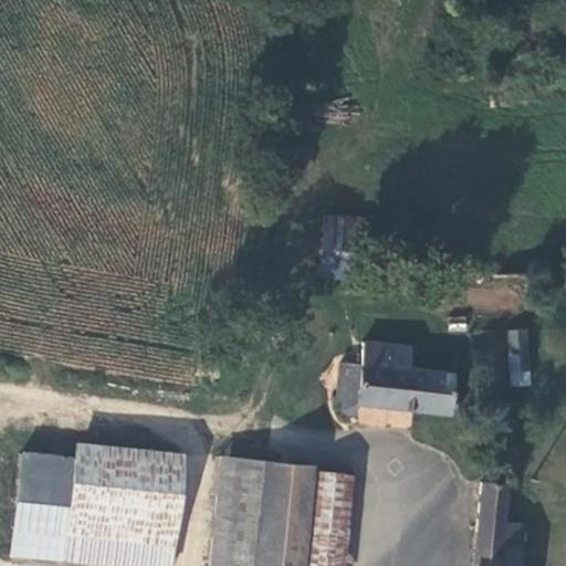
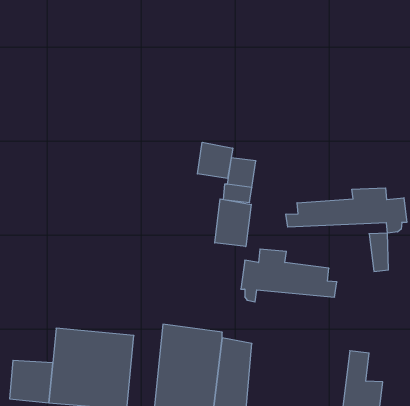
building: none -> [197,142,233,178]
building: none -> [286,188,407,233]
building: none -> [215,199,251,247]
building: [18,452,77,505] -> none

